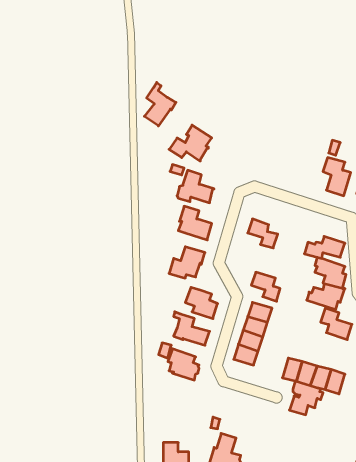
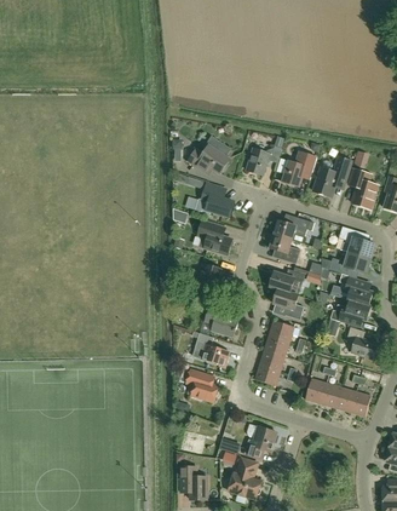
building: [144,82,176,126] -> none
building: none -> [246,147,281,176]
building: none -> [282,151,316,186]
building: none -> [312,157,351,197]
building: none -> [271,217,313,243]
building: none -> [338,226,375,259]
building: none -> [269,270,305,295]
building: [289,381,323,415] -> [243,424,278,459]

